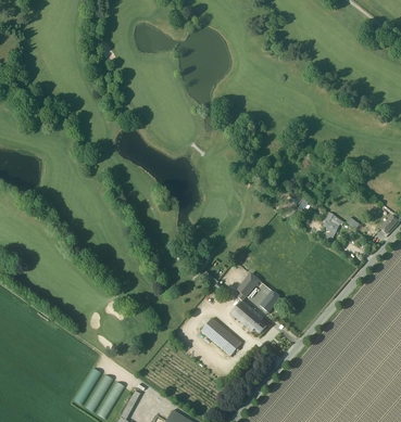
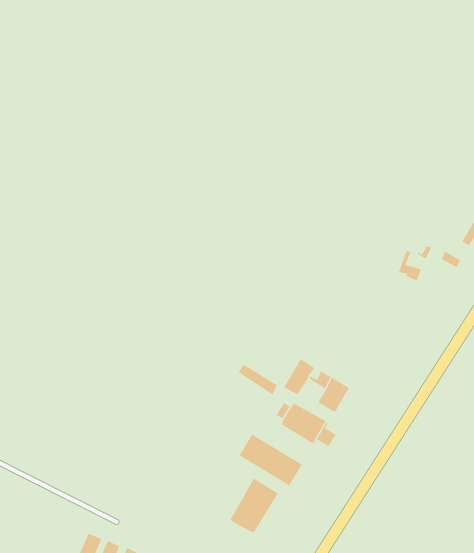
building: none -> [230,478,279,534]

